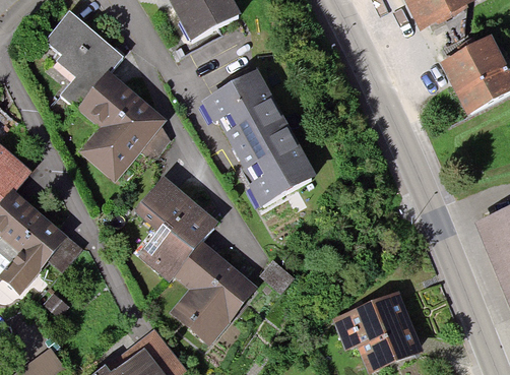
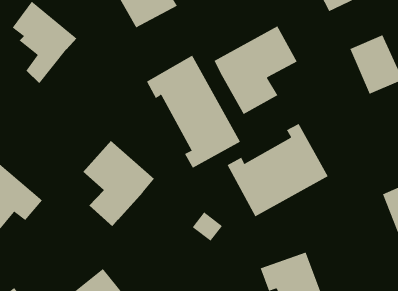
building: none -> [214,26,297,115]
building: [78,67,170,182] -> none
building: none -> [227,123,329,217]
building: [172,236,258,345] -> none

